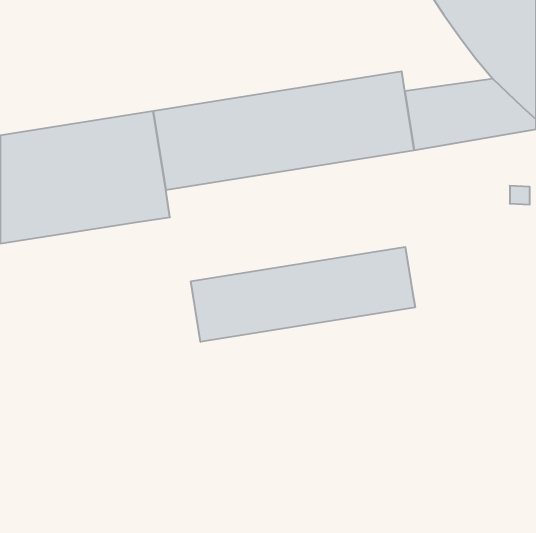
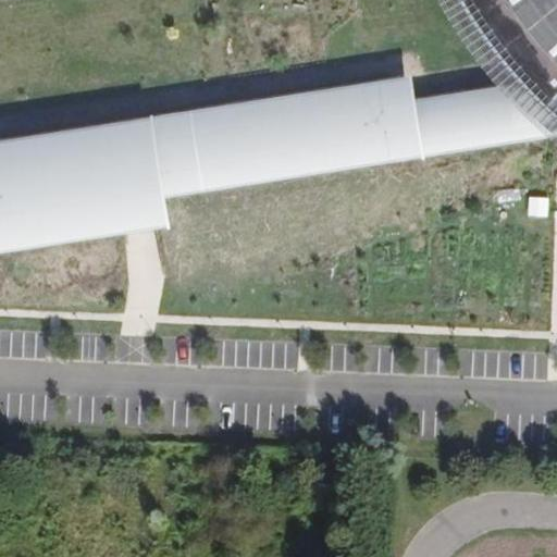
building: [191,247,415,342] -> none

